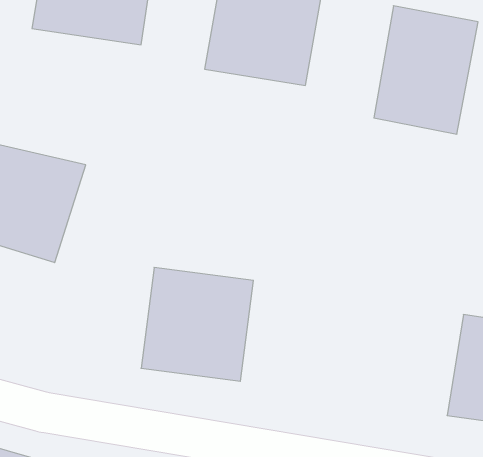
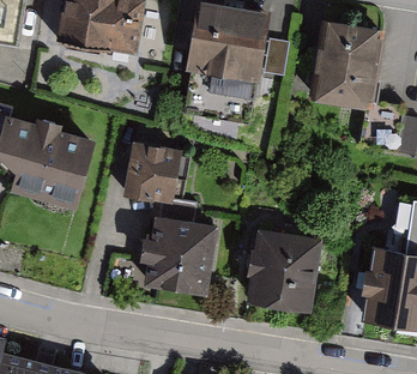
building: none -> [126,144,189,200]
building: none -> [248,231,322,316]

